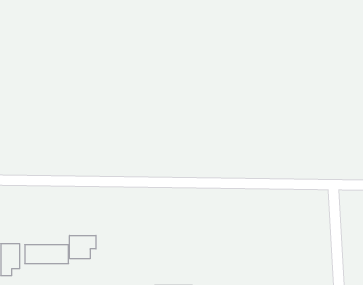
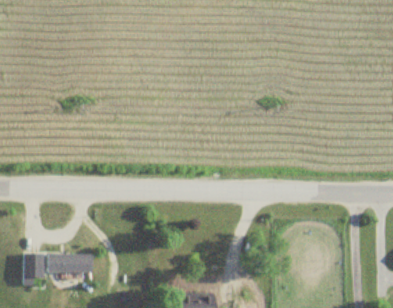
building: [70,235,96,259] -> none

